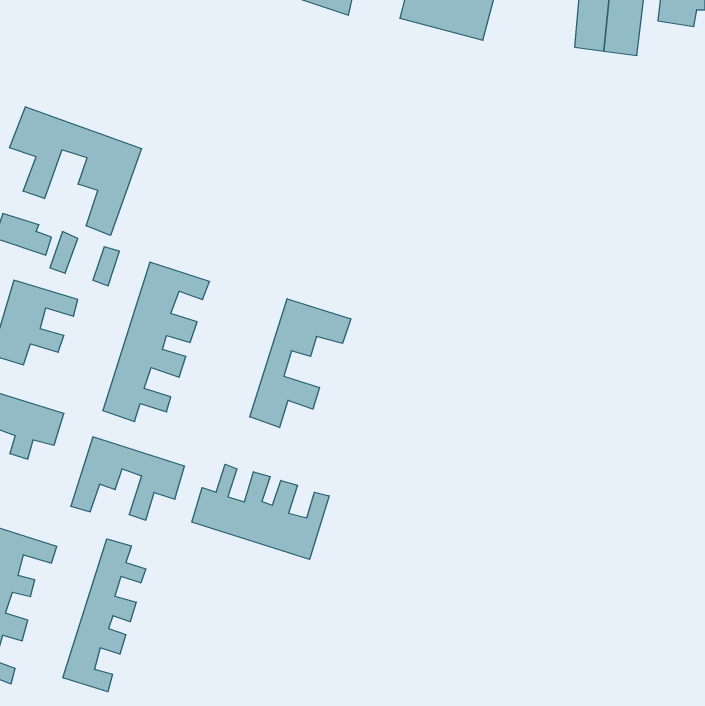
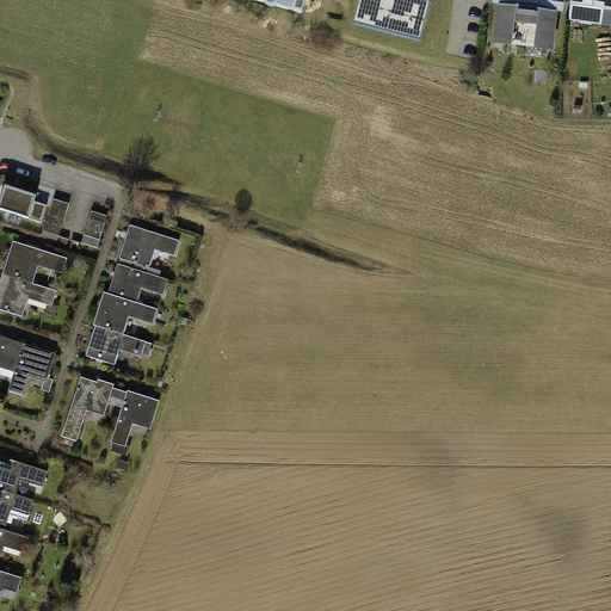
building: [9,107,142,235] -> none
building: [250,299,351,428] -> none
building: [192,464,329,559] -> none
building: [63,539,146,692] -> none

